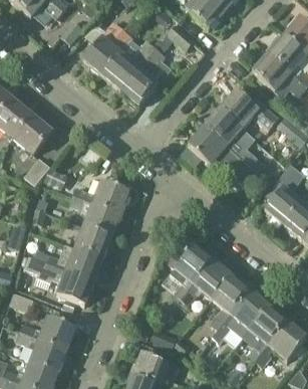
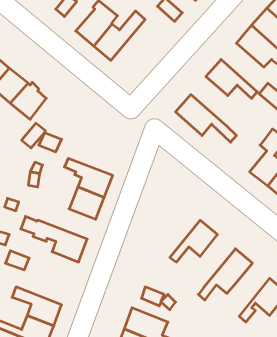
building: [119,47,165,108] -> none
building: [204,108,250,160] -> none
building: [74,179,129,212] -> none
building: [168,243,214,299] -> none
building: [42,244,103,279] -> none
building: [210,274,251,330] -> none
building: [242,305,287,361] -> none
building: [19,316,76,349] -> none

